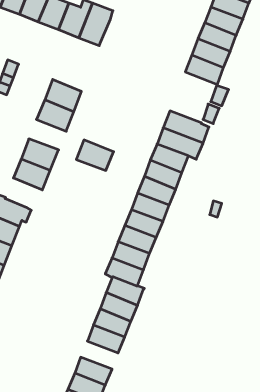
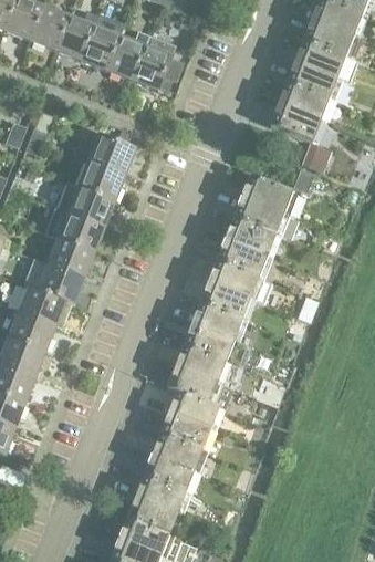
building: [76,140,114,170] -> [67,186,116,226]
building: none -> [37,262,85,305]
building: none -> [135,475,184,511]

